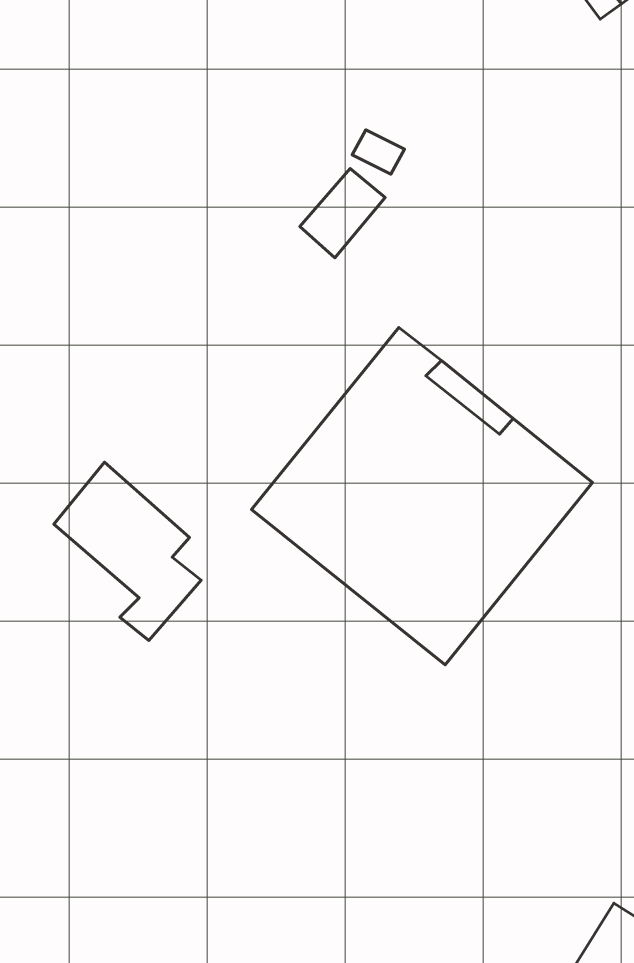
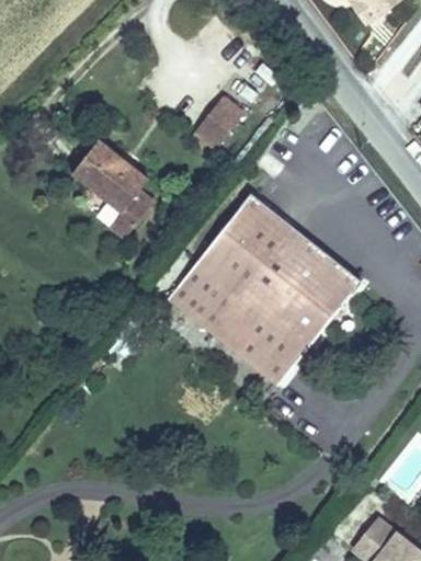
building: [54,462,201,640] -> [73,141,157,242]

